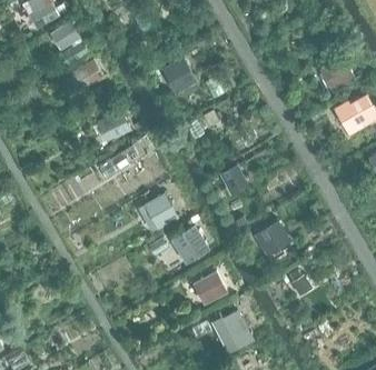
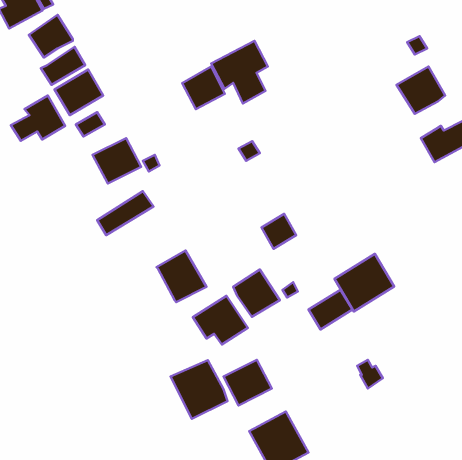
building: none -> [211,41,268,104]
building: none -> [11,96,65,141]
building: none -> [335,254,394,312]
building: none -> [233,270,280,317]
building: none -> [171,360,227,419]

